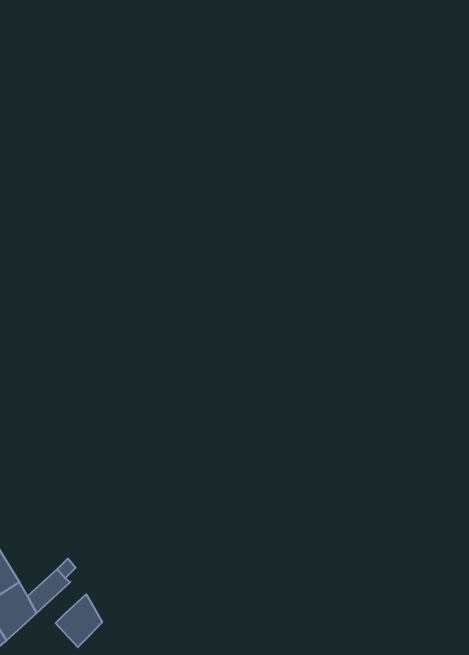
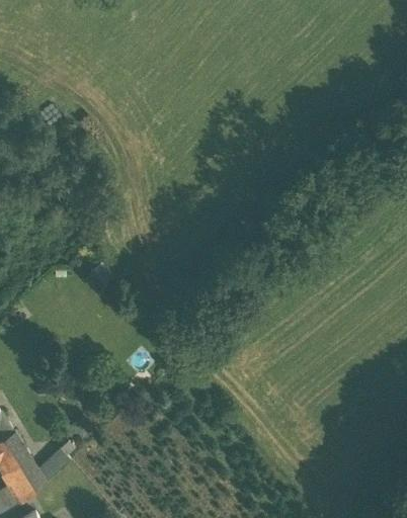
building: [56,594,102,647] -> none

